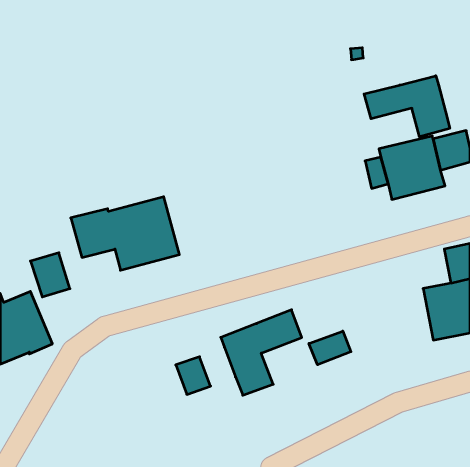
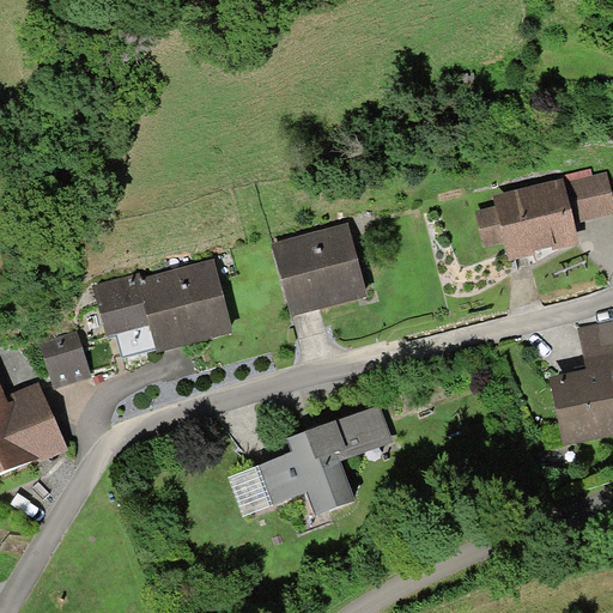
building: [364,76,450,137] -> none
building: none -> [272,221,368,316]
building: [309,331,351,365] -> none
building: none -> [260,453,306,503]

